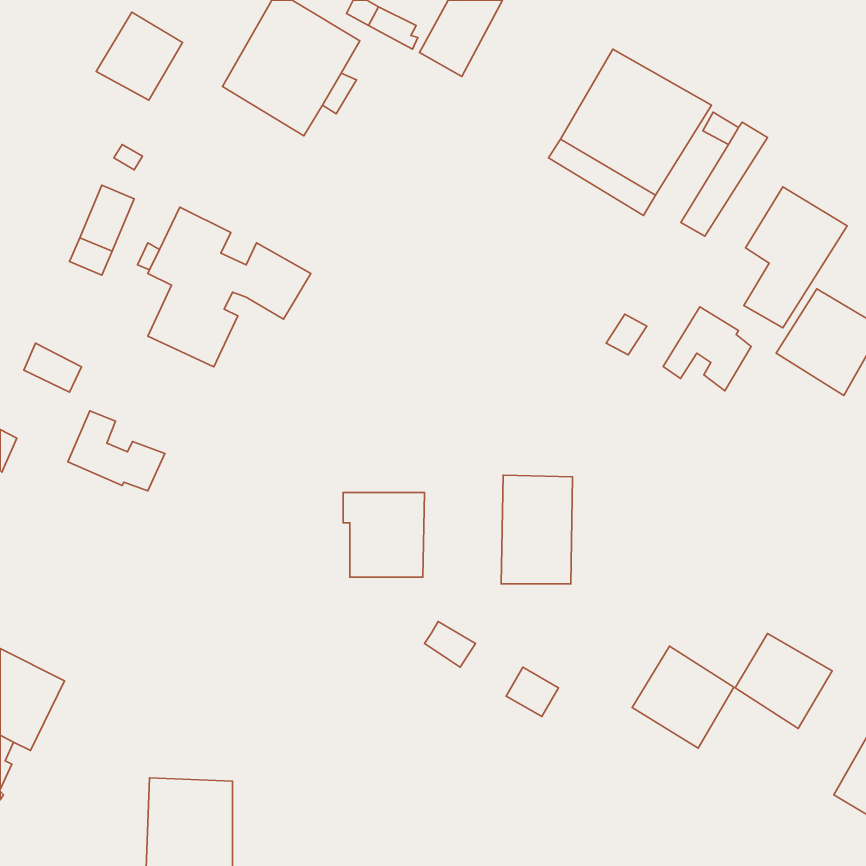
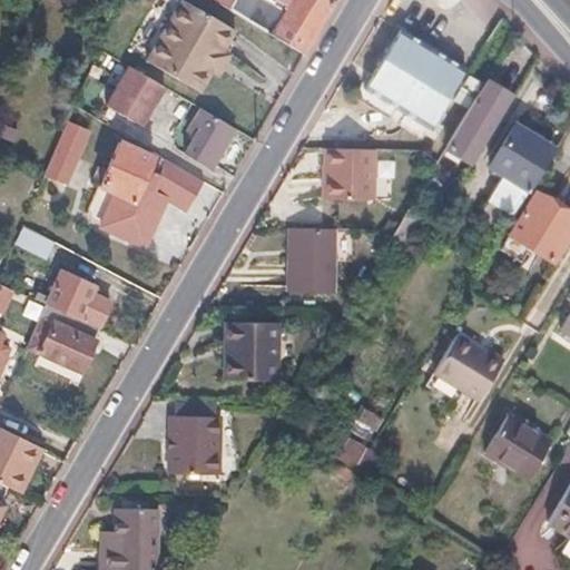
building: [96,12,183,100] -> [107,67,164,125]
building: none -> [185,108,235,168]
building: none -> [327,149,379,203]
building: [663,307,751,391] -> none
building: none -> [27,304,99,372]
building: [501,475,573,584] -> [289,227,336,298]
building: none -> [171,402,224,478]
building: [632,646,734,748] -> [434,335,501,402]

